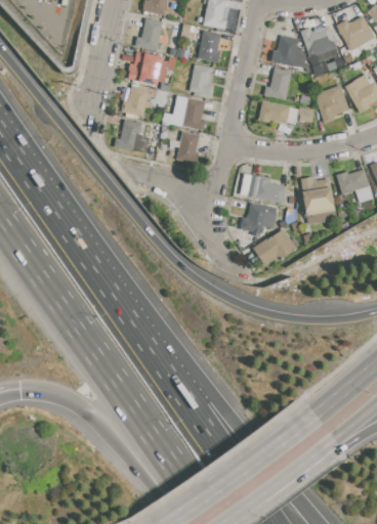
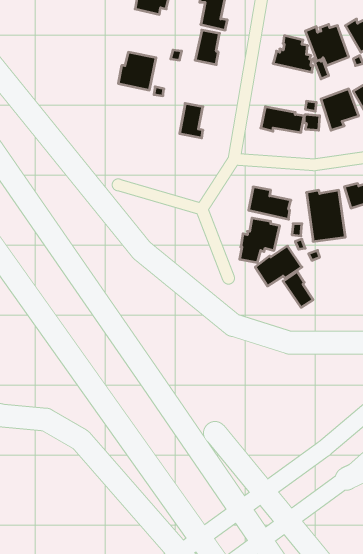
building: [135,17,163,49] -> none
building: [190,64,214,95] -> none
building: [263,68,292,99] -> none
building: [121,85,167,116] -> none
building: [162,95,190,126] -> none
building: [114,119,151,152] -> none
building: [169,130,201,163] -> none
building: none -> [283,272,313,307]

